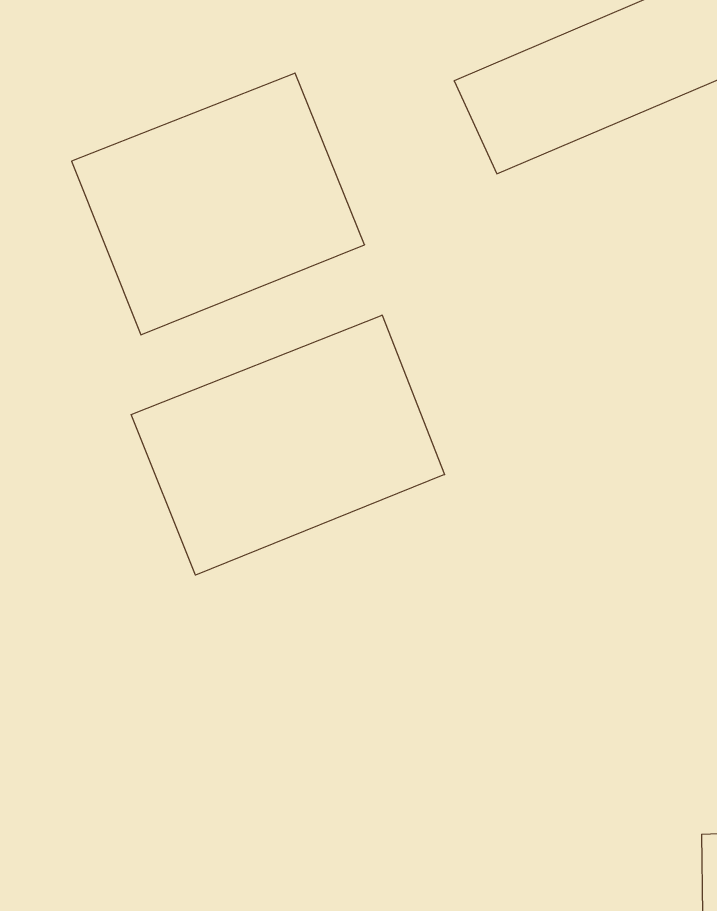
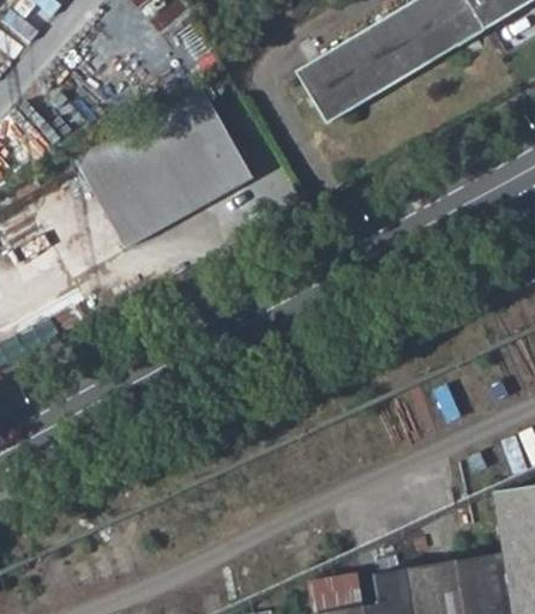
building: [131,315,445,575] -> none

